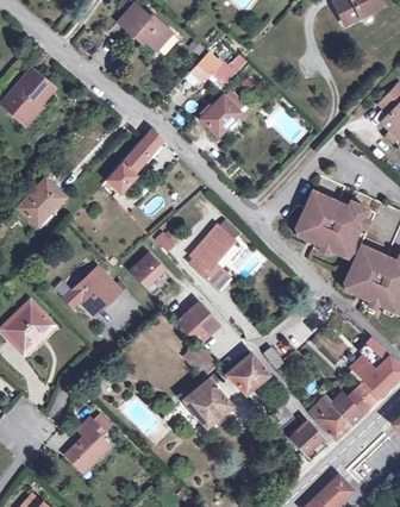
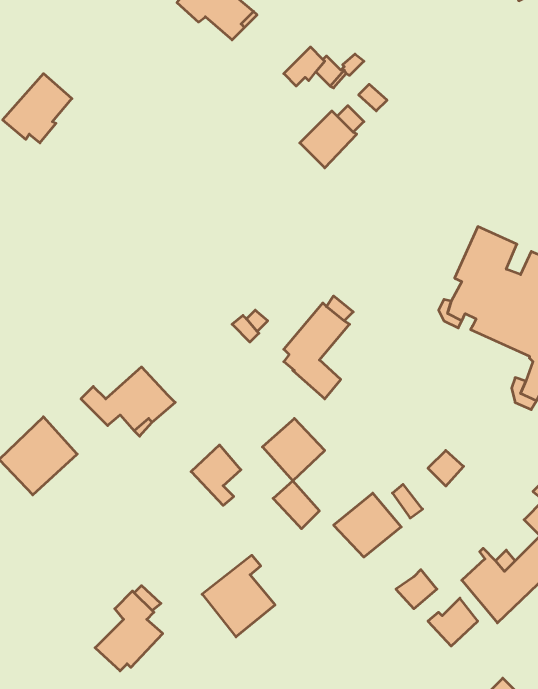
building: [107,130,164,194] -> none
building: [19,179,65,225] -> none
building: [131,254,164,294] -> [191,445,241,505]
building: [183,373,232,427] -> [202,555,275,637]

